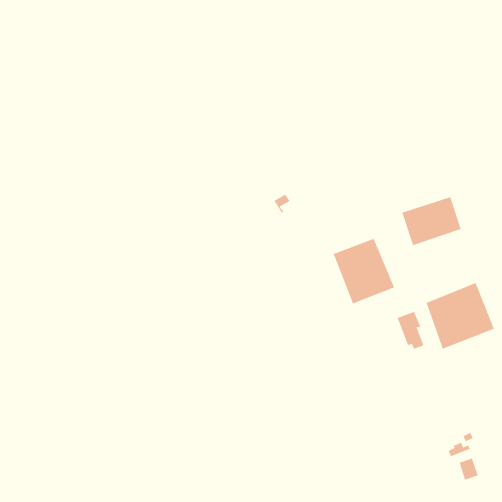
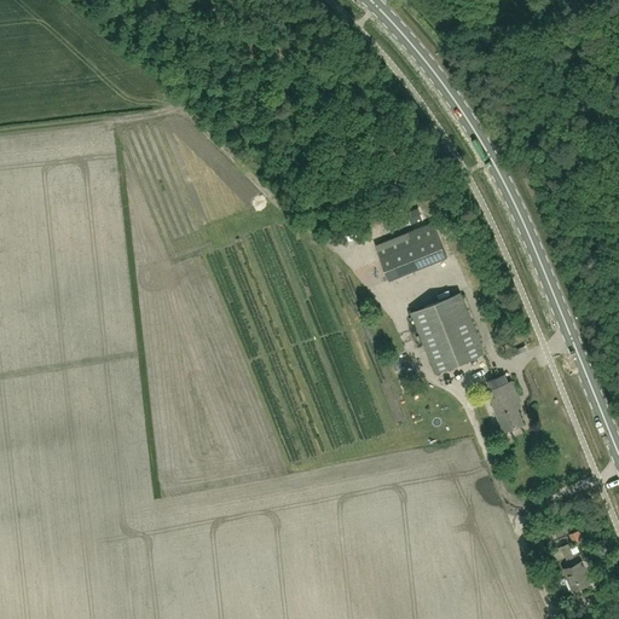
building: [402,197,462,246] -> [376,220,450,280]
building: [426,282,494,349] -> none

